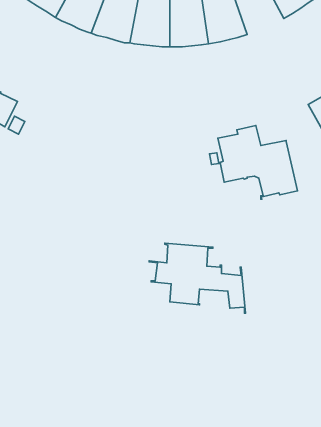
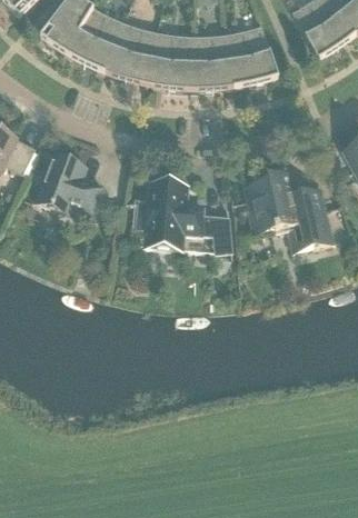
building: none -> [34,153,100,213]
building: [149,243,246,313] -> [128,181,230,256]

